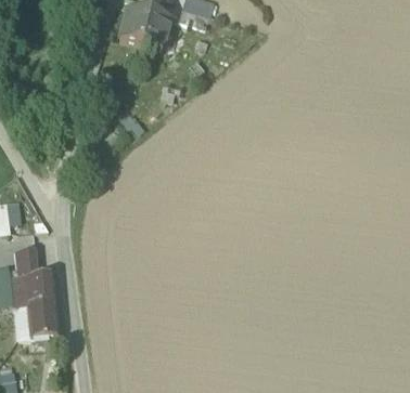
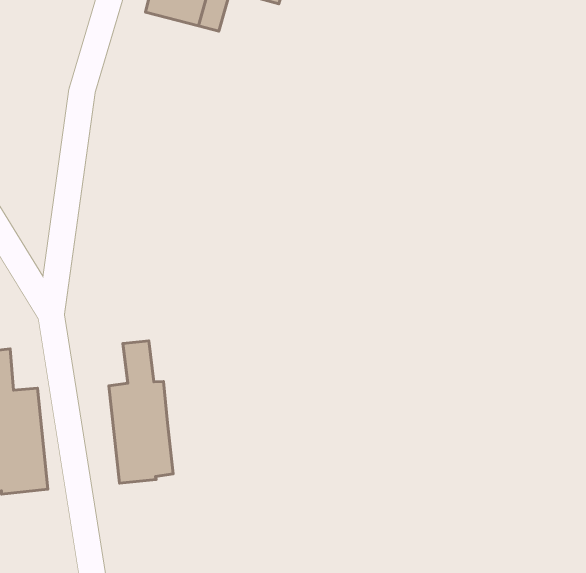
building: none -> [109,341,173,483]

